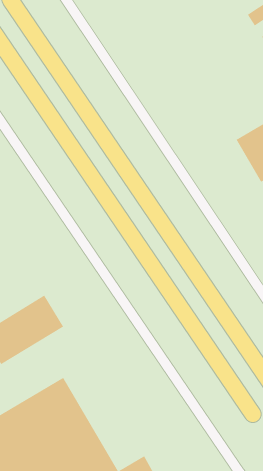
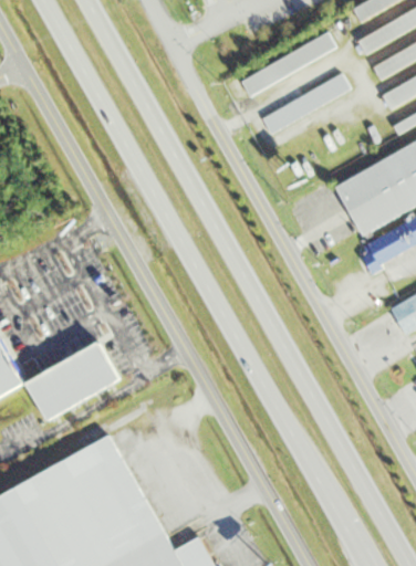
building: none -> [241,35,339,93]
building: none -> [263,75,352,143]

